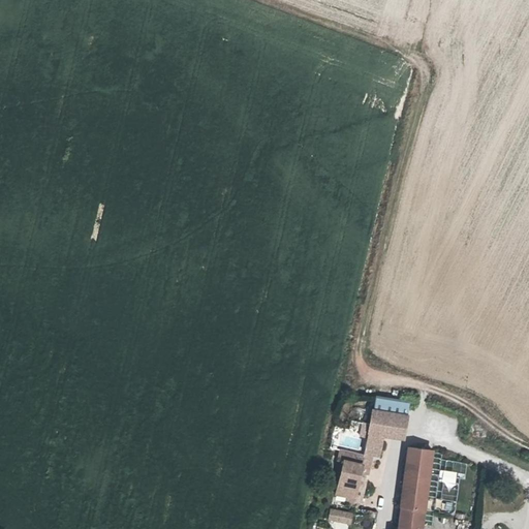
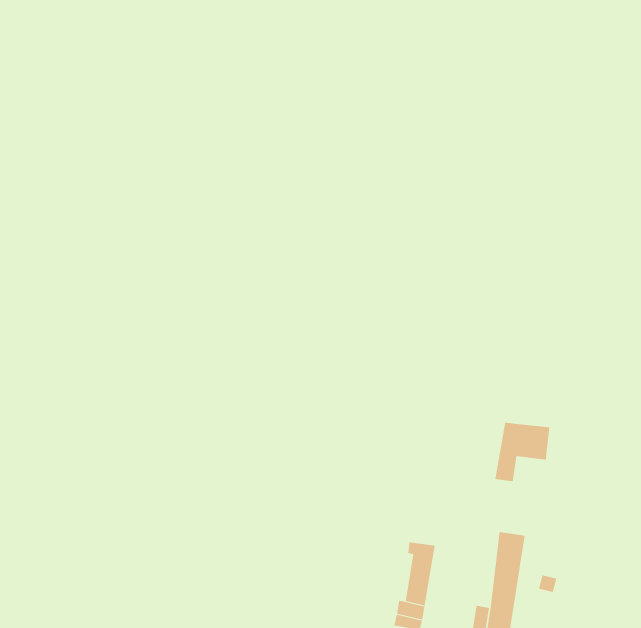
building: [362,409,407,458] -> [494,422,550,482]

